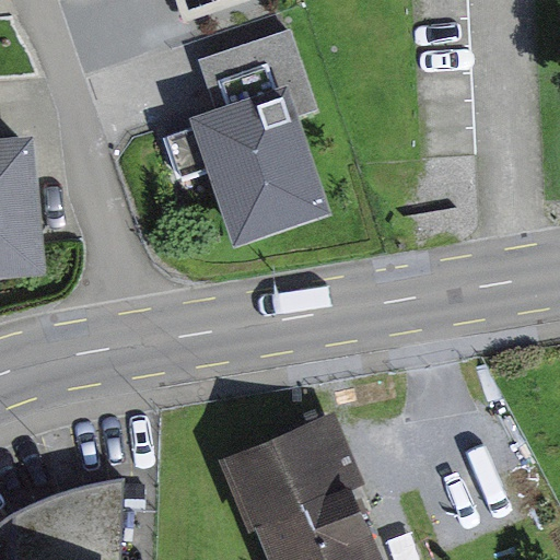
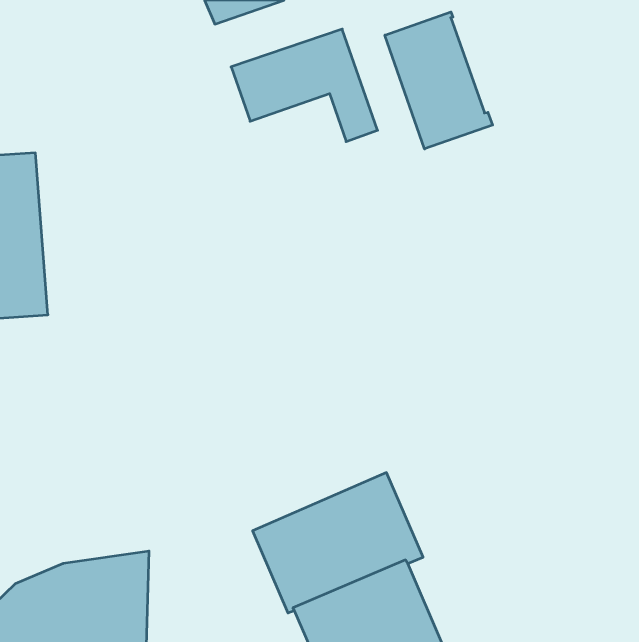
building: none -> [385,12,493,149]
building: [166,84,329,246] -> none

